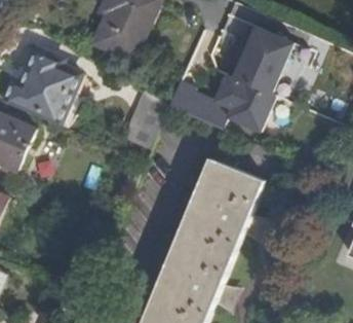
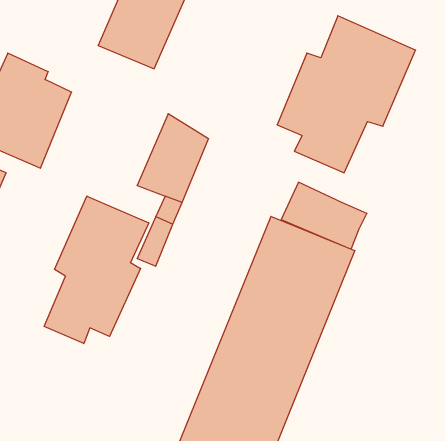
building: [171,83,228,128] -> [281,182,367,249]
building: none -> [44,196,149,344]

